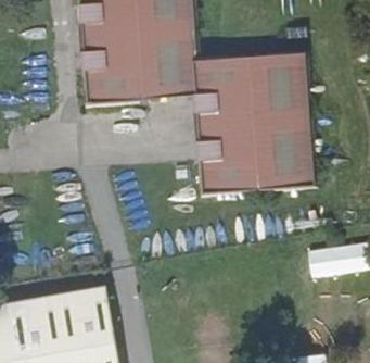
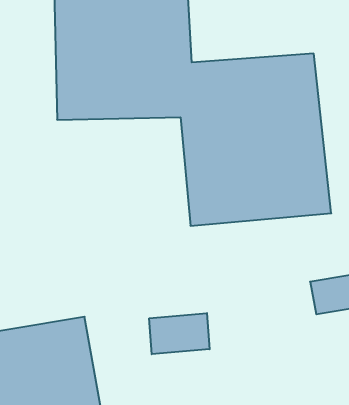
building: none -> [149,313,210,354]

